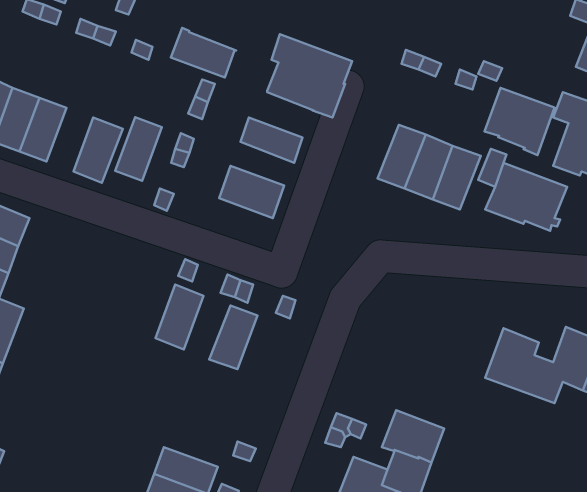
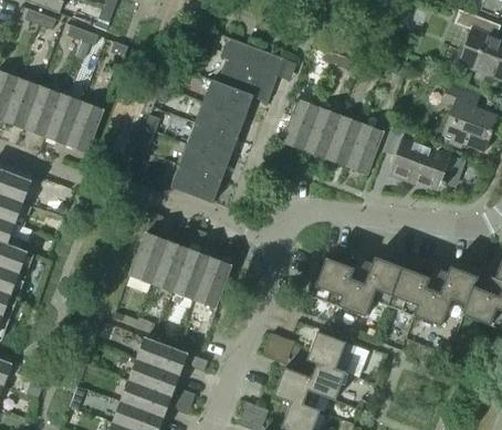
building: [171,28,236,77] -> [202,78,253,117]
building: [484,88,555,155] -> none
building: none -> [281,99,320,149]
building: [115,117,162,181] -> [44,94,81,144]
building: none -> [188,120,238,155]
building: none -> [170,165,221,202]
building: none -> [151,241,188,291]
building: none -> [194,256,231,307]
building: none -> [311,256,401,316]
building: none -> [136,336,187,375]

